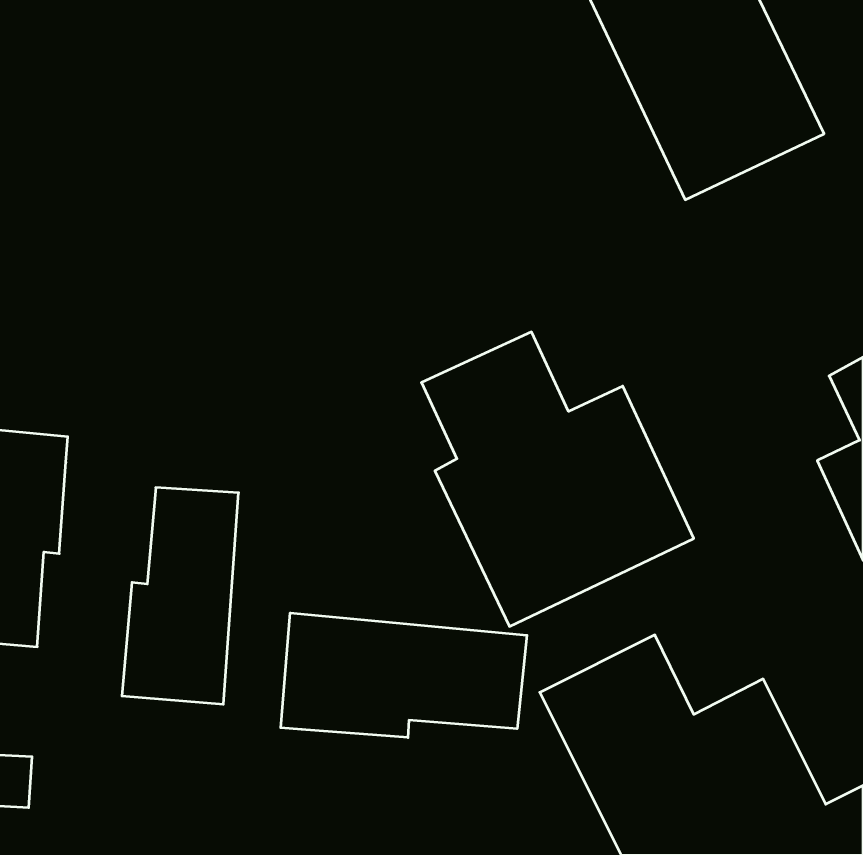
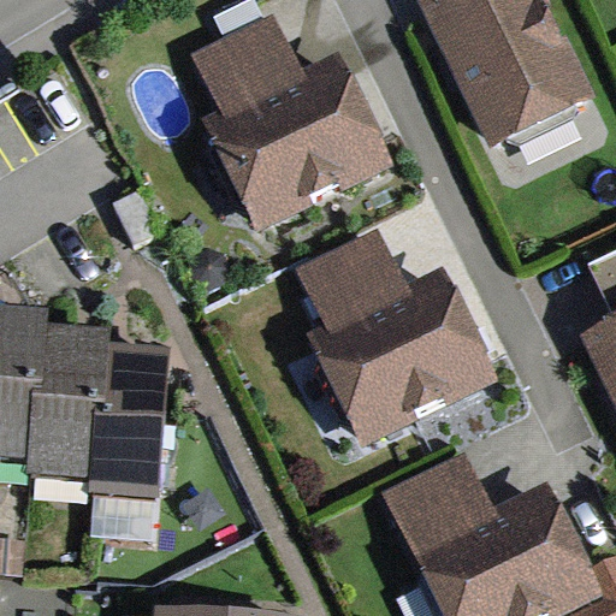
building: none -> [188,10,396,237]
building: none -> [25,328,112,481]
building: [281,613,527,738] -> none

